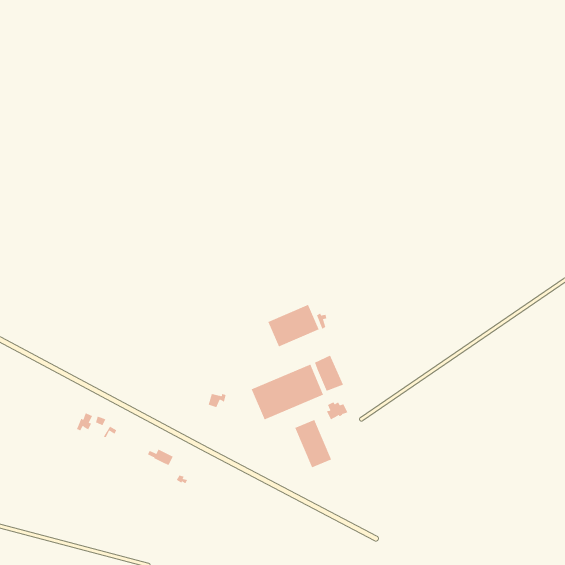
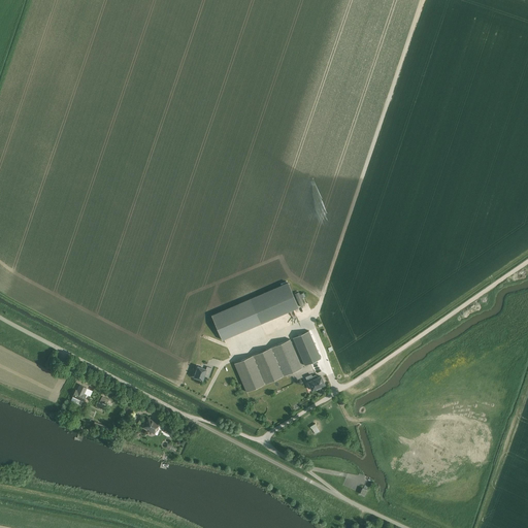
building: none -> [211,300,260,340]
building: [294,419,332,468] -> none

